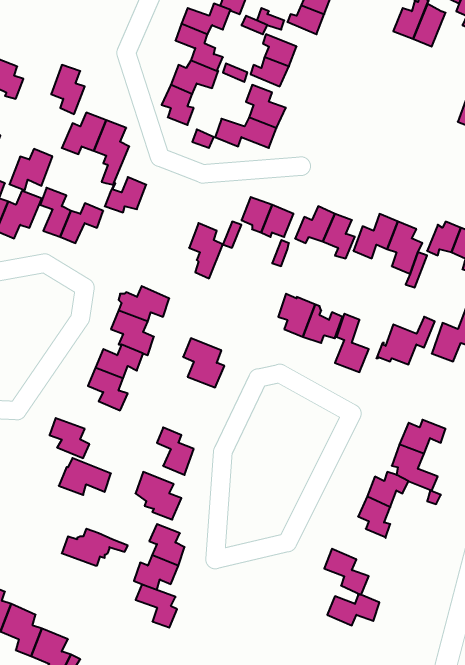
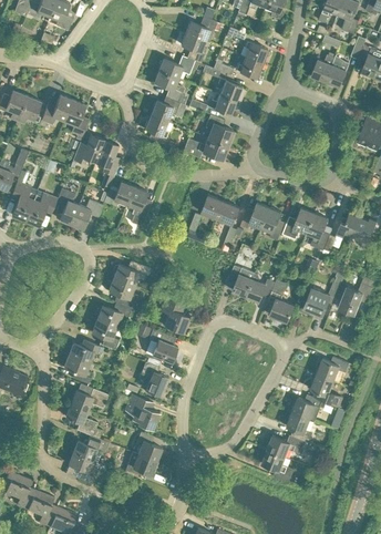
building: [9,149,52,190] -> [41,94,72,124]
building: [189,223,223,278] -> [126,186,151,226]
building: none -> [147,328,177,361]
building: none -> [68,339,102,362]
building: none -> [65,403,102,438]
building: [136,585,177,628] -> [68,452,97,483]
building: [327,595,379,625] -> [267,434,305,456]

